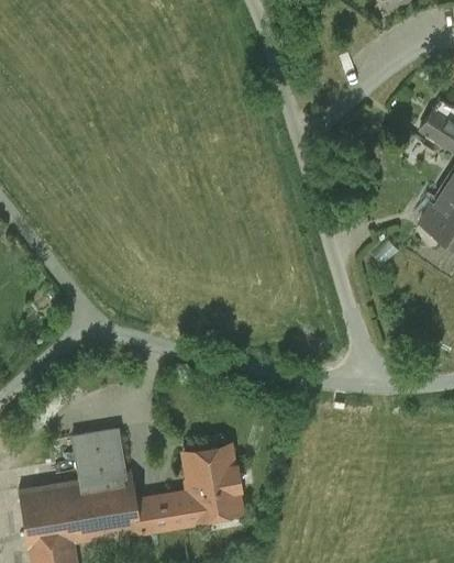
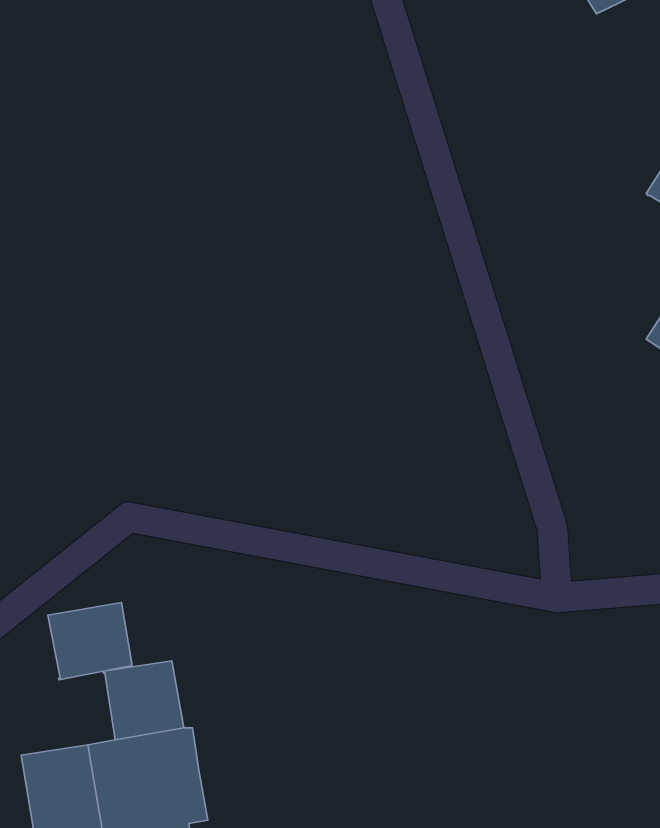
building: none -> [48,602,132,680]
building: [133,445,240,532] -> none

